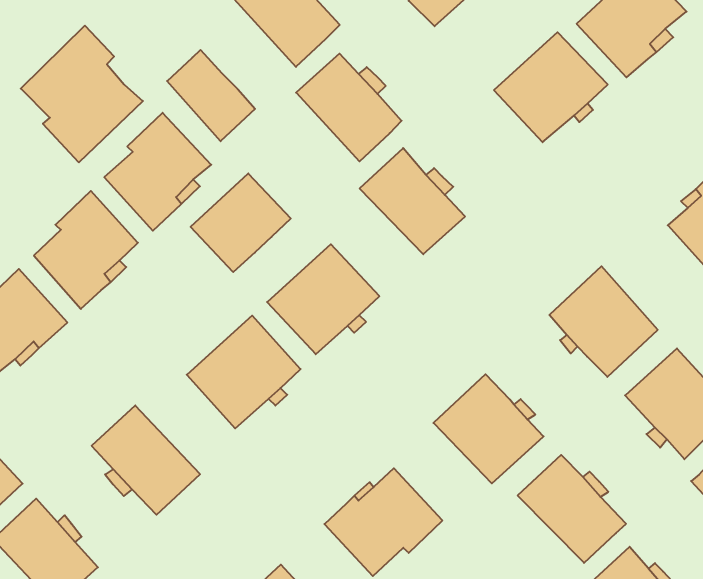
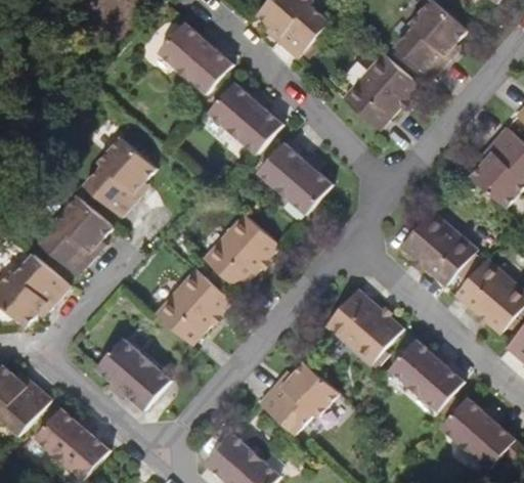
building: [21,26,143,162] -> none
building: [167,50,255,141] -> none
building: [191,173,291,272] -> none

